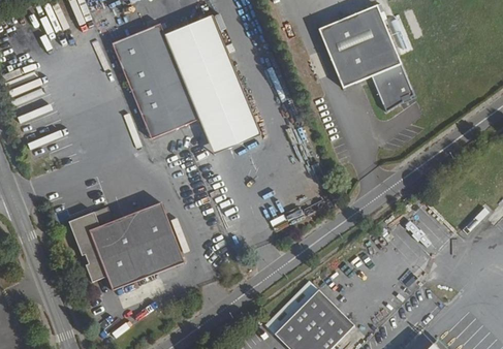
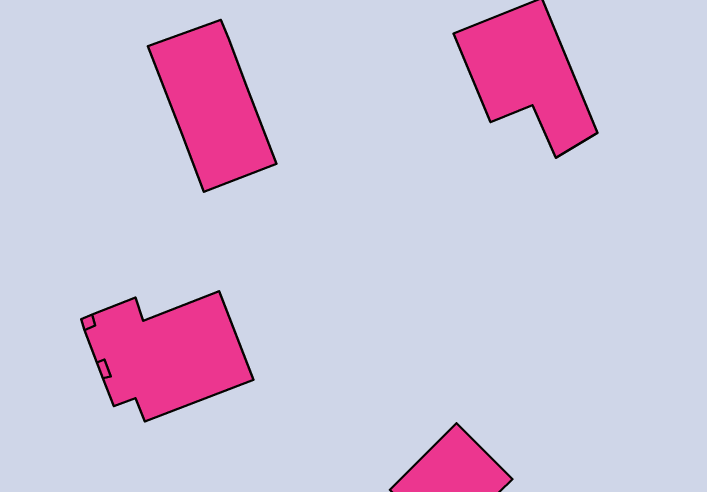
building: [166,14,263,154] -> none

